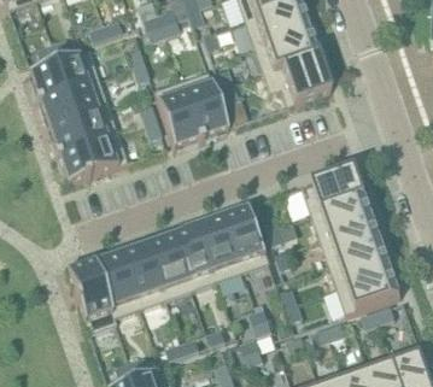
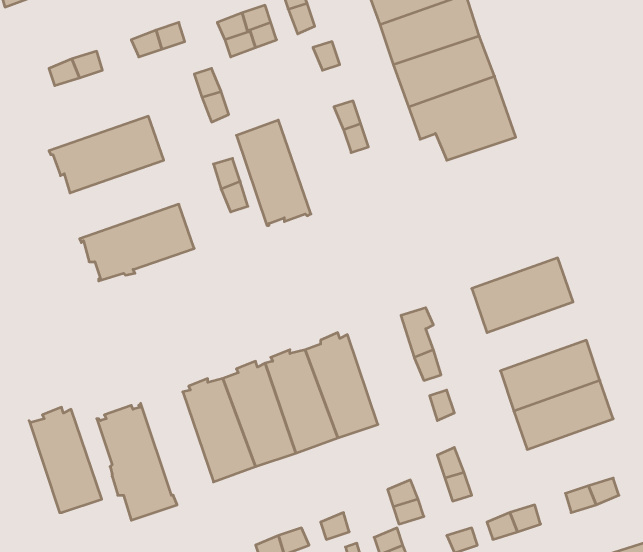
building: [29,48,99,98] -> none
building: [181,69,228,137] -> none
building: [49,104,118,153] -> none
building: [312,193,375,236] -> none
building: [224,203,270,270] -> none
building: [94,248,140,315] -> [29,407,102,513]
building: [338,266,402,311] -> none

